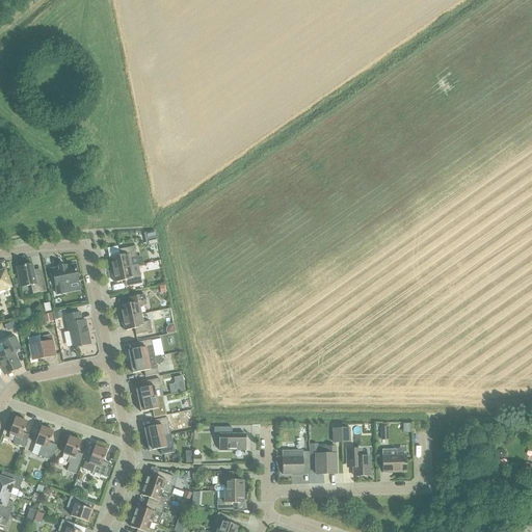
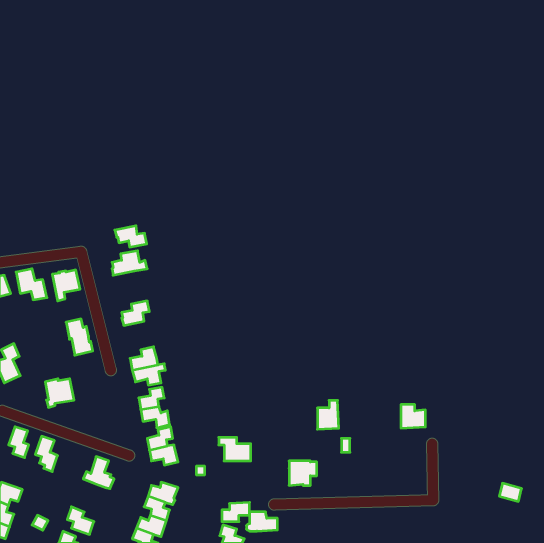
building: [110,264,141,285] -> [115,226,147,247]
building: [121,313,151,332] -> none
building: [27,334,55,362] -> [45,379,74,407]
building: [62,435,82,473] -> none
building: [315,445,336,473] -> [317,400,339,429]
building: [346,447,369,475] -> none
building: [381,448,405,471] -> [401,405,425,428]
building: [213,472,243,490] -> [246,512,277,531]

